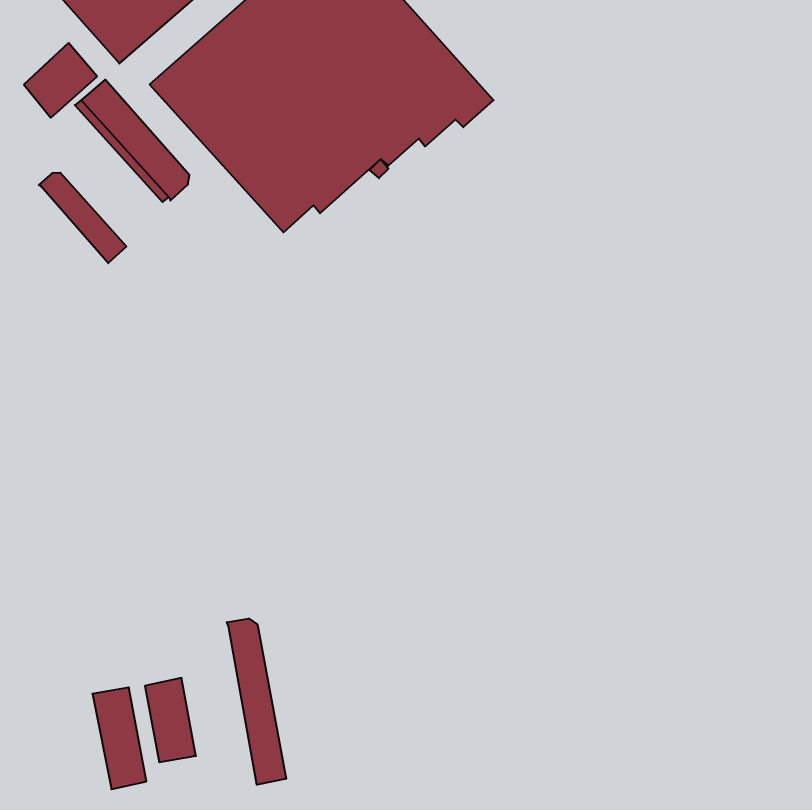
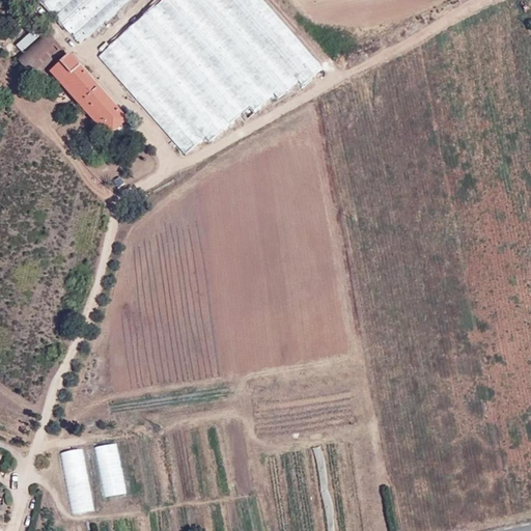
building: [39,173,126,263] -> none
building: [227,618,286,785] -> none

